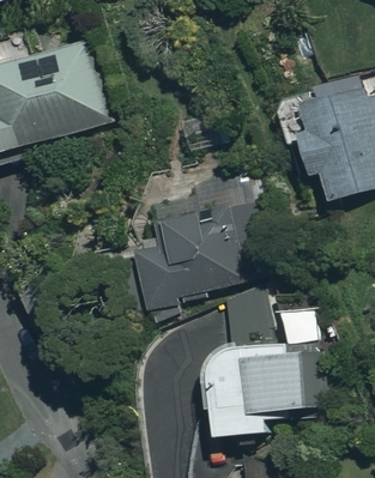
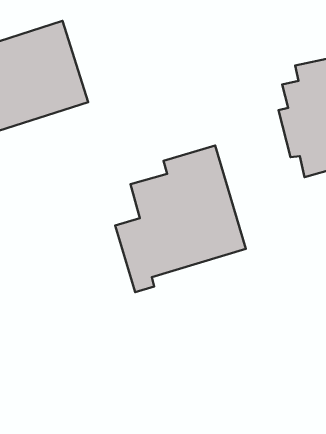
building: [213,294,323,441] -> none

